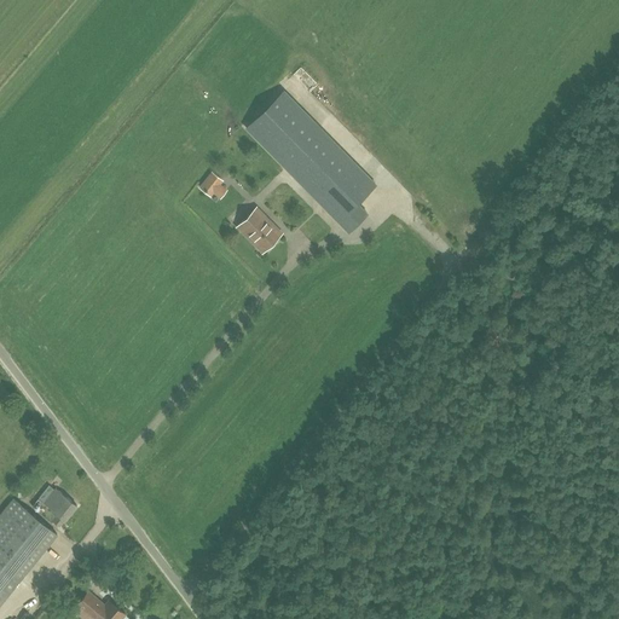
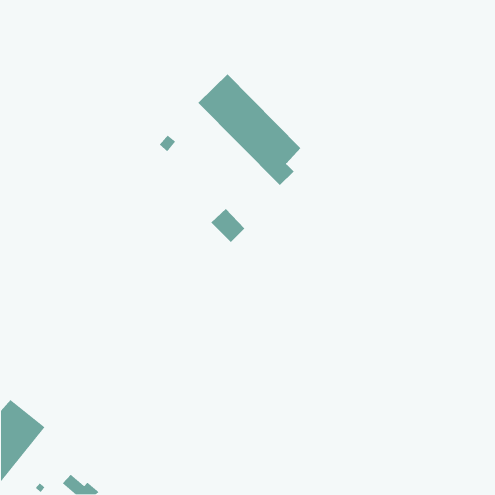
building: [237,208,280,251] -> [210,208,245,243]
building: [39,488,77,526] -> none

